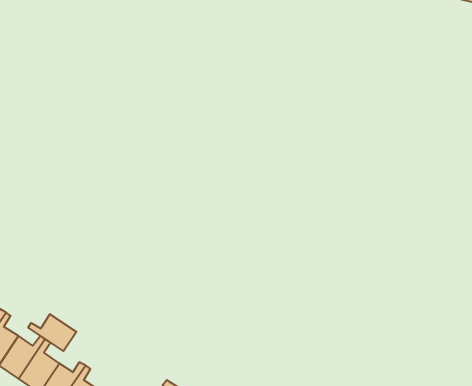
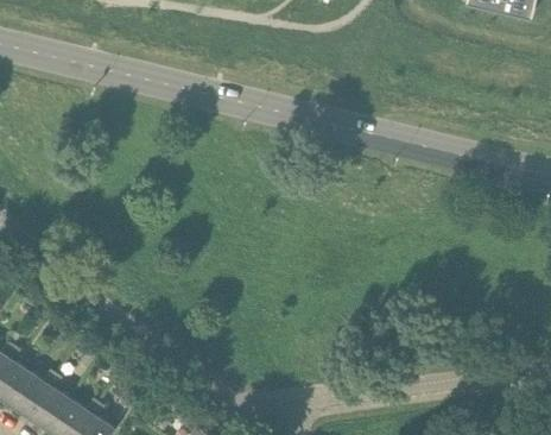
building: [28,314,76,351] -> none

